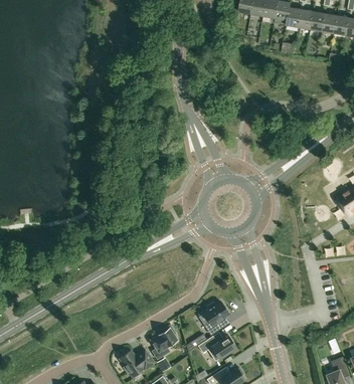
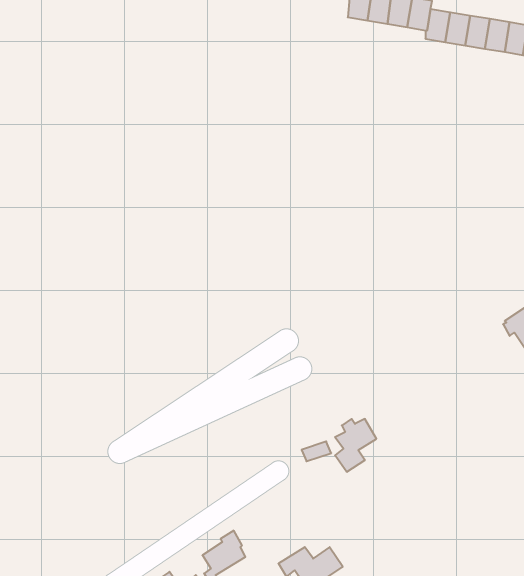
building: [203,302,228,334] -> [335,419,376,472]

